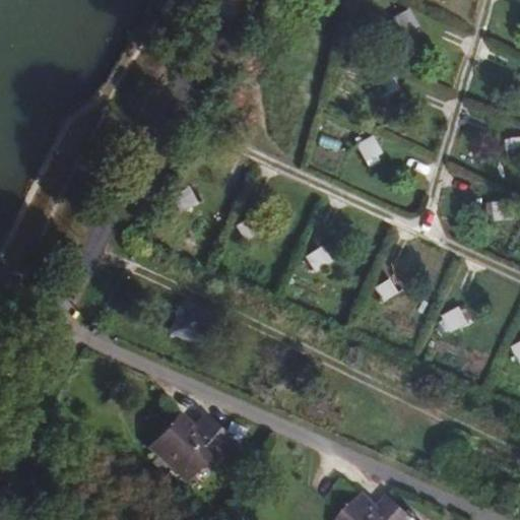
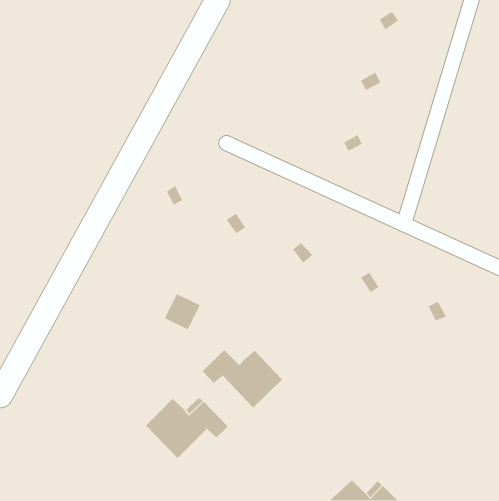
building: none -> [202,349,283,408]

